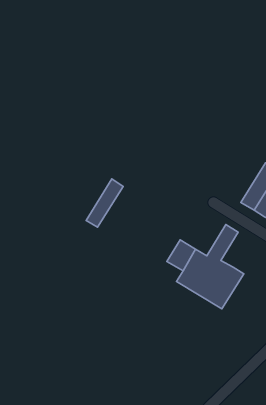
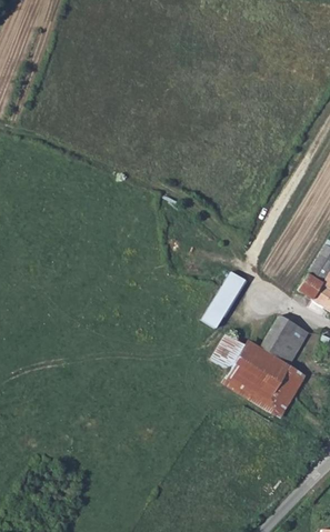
building: [86,179,123,227] -> [203,271,247,328]
building: none -> [276,324,310,365]

